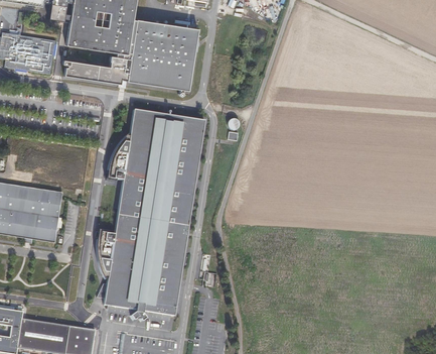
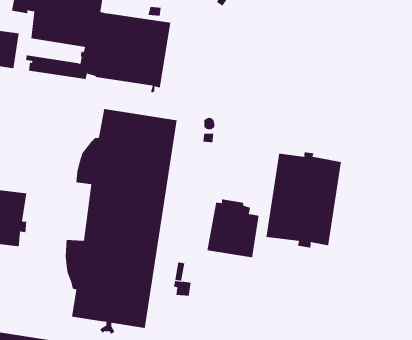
building: none -> [266,151,342,249]
building: none -> [207,198,259,258]

